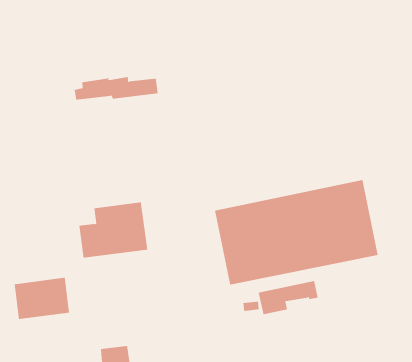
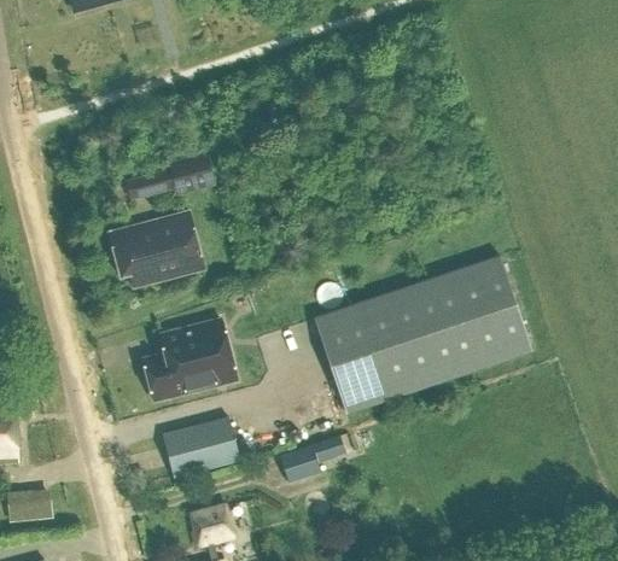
building: none -> [110,212,203,286]
building: [14,277,70,320] -> [162,416,238,478]
building: [258,281,319,315] -> [278,431,356,483]

